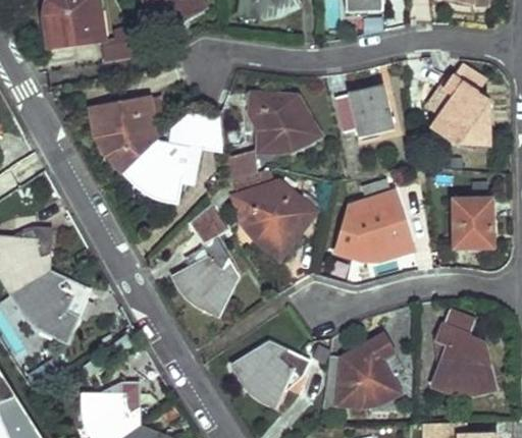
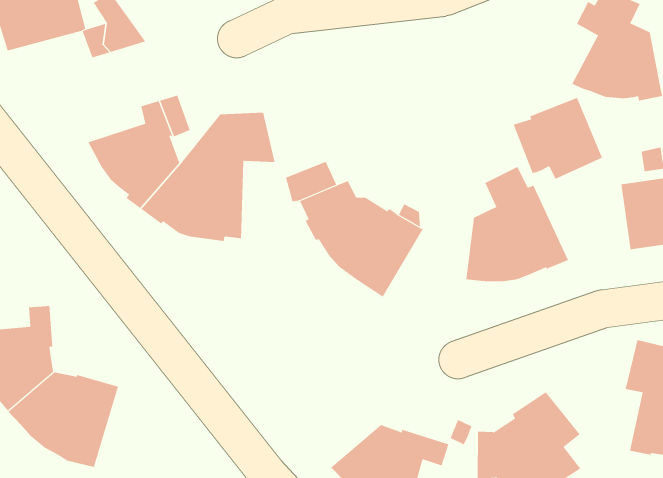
building: [334,85,393,139] -> [513,97,603,179]
building: [249,93,317,150] -> none
building: [172,203,237,318] -> none

